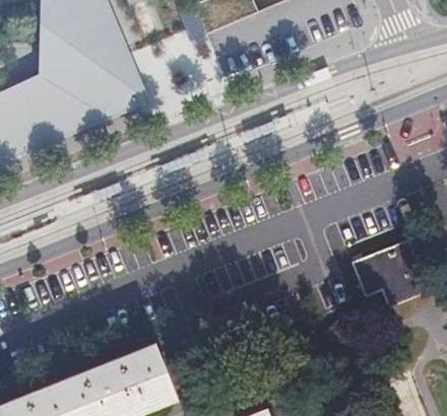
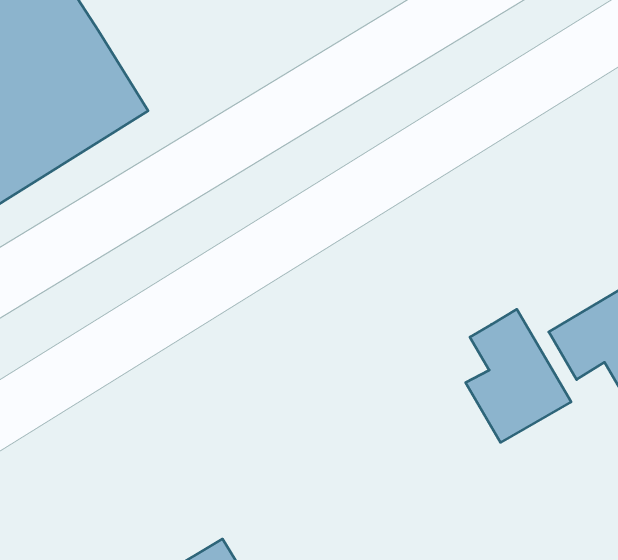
building: none -> [466,309,571,442]

